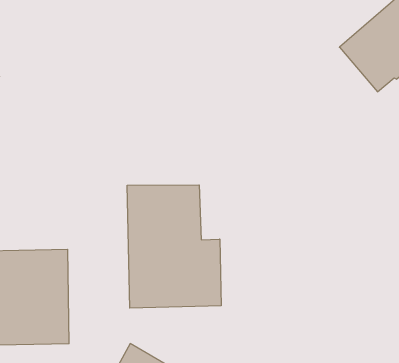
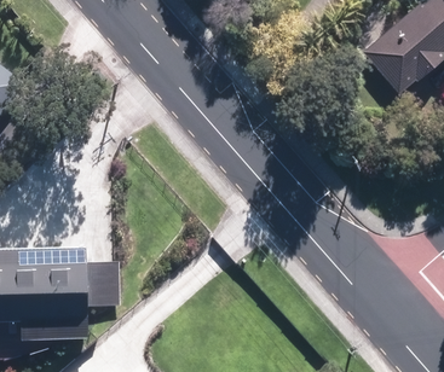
building: [127,185,221,308] -> none

